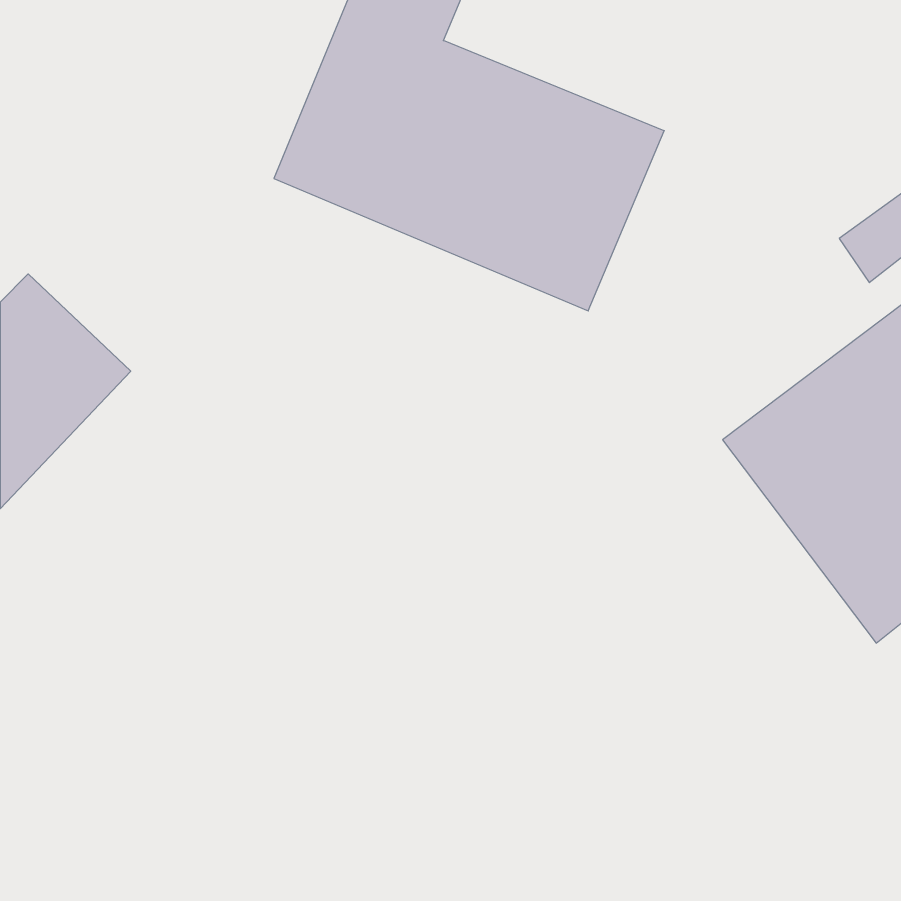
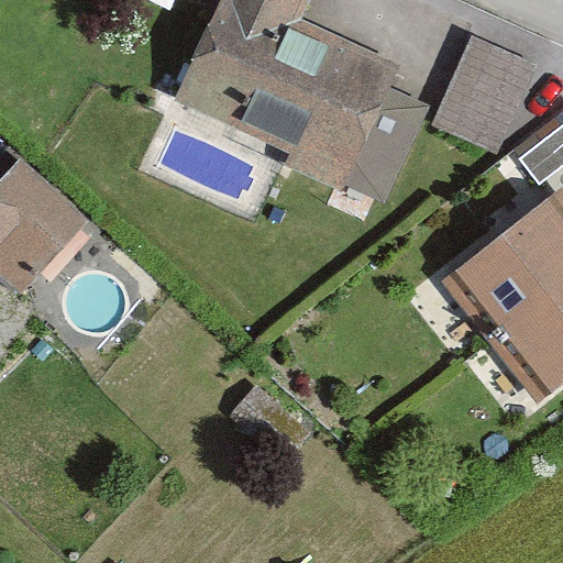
building: none -> [435,32,527,134]

